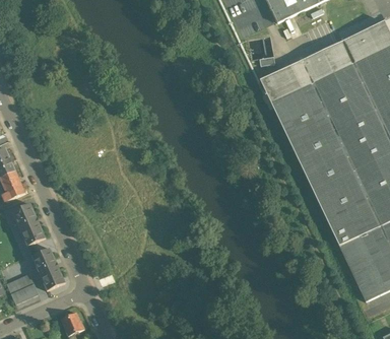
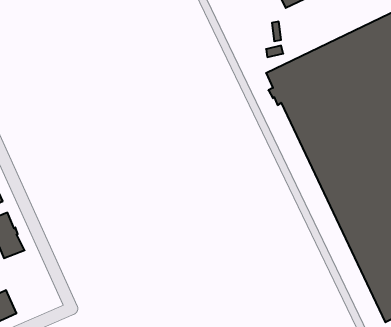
building: [32,249,65,289] -> none

